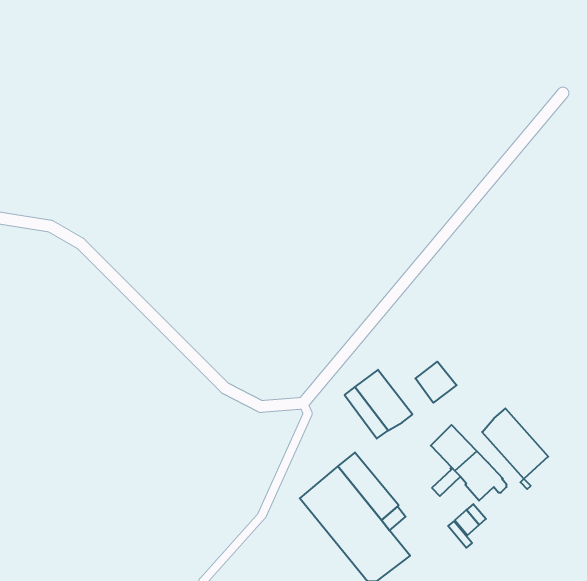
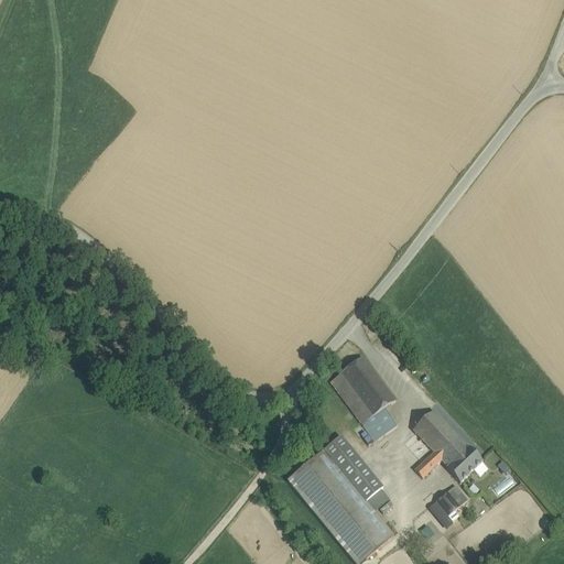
building: [415,362,457,403] -> none
building: [482,408,548,479] -> none
building: none -> [361,405,398,438]

